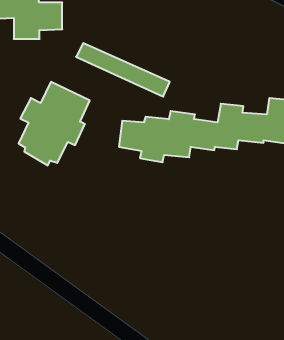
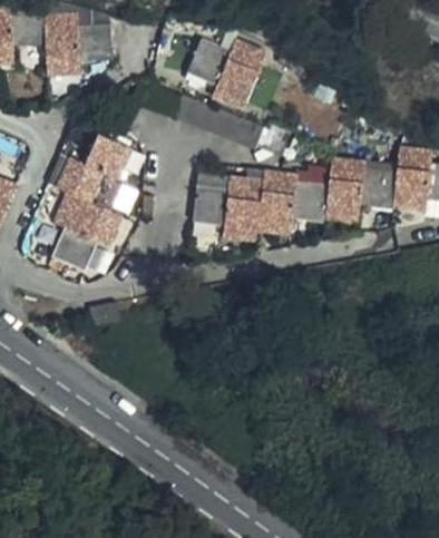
building: none -> [186,39,266,107]
building: none -> [47,225,91,266]

